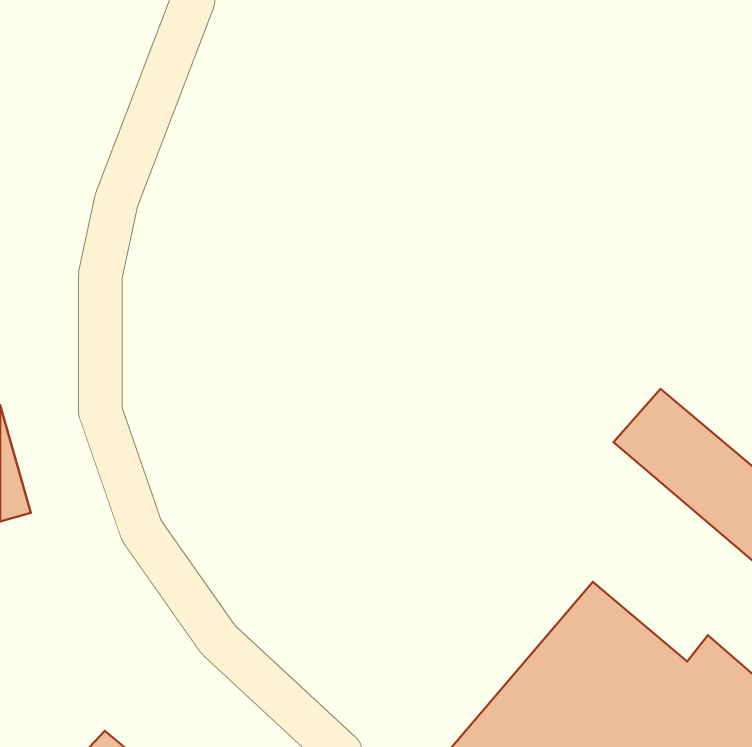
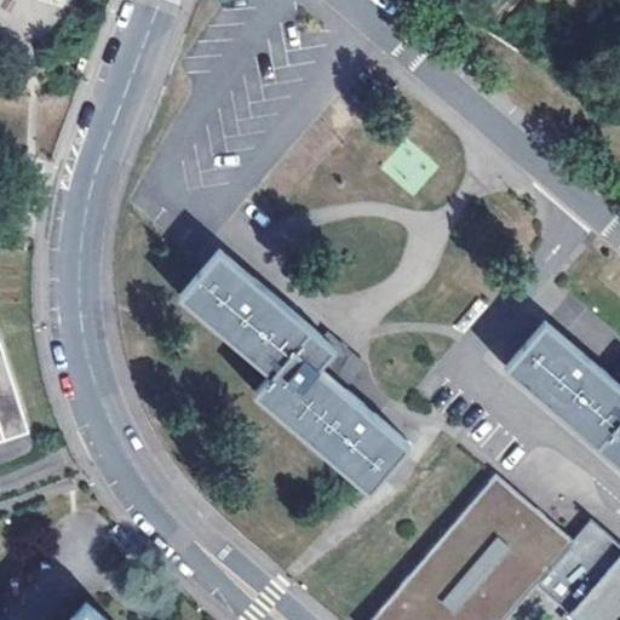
building: none -> [180,251,408,492]

